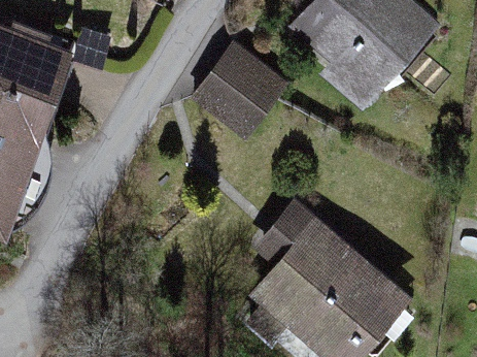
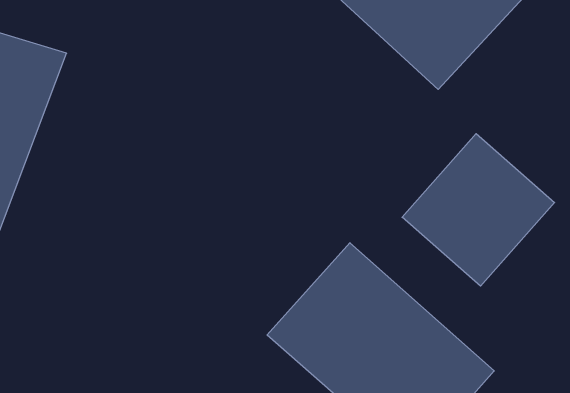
building: [186,34,288,135] -> none
building: none -> [402,134,555,286]

